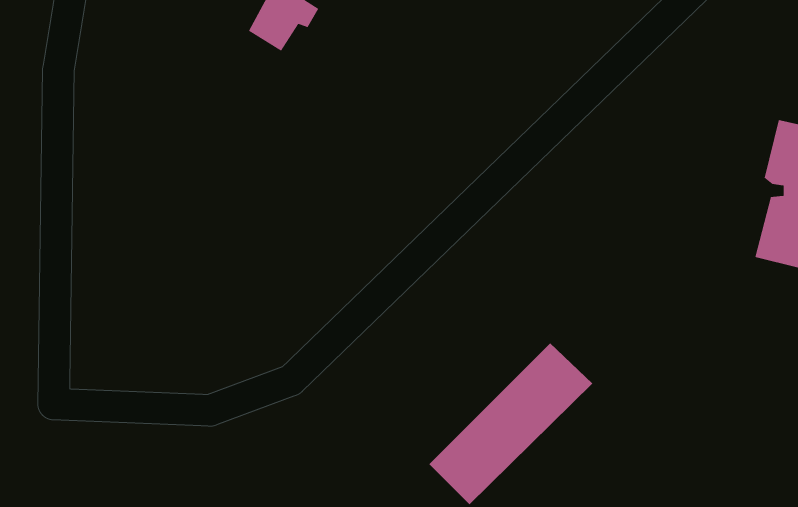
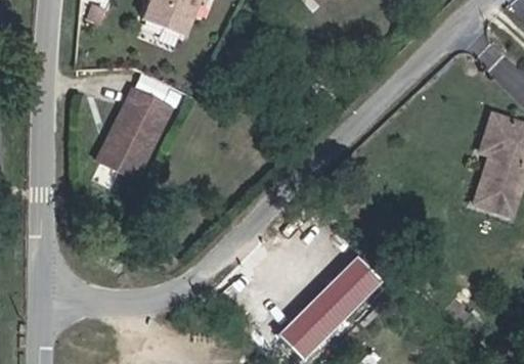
building: none -> [86,84,169,183]

